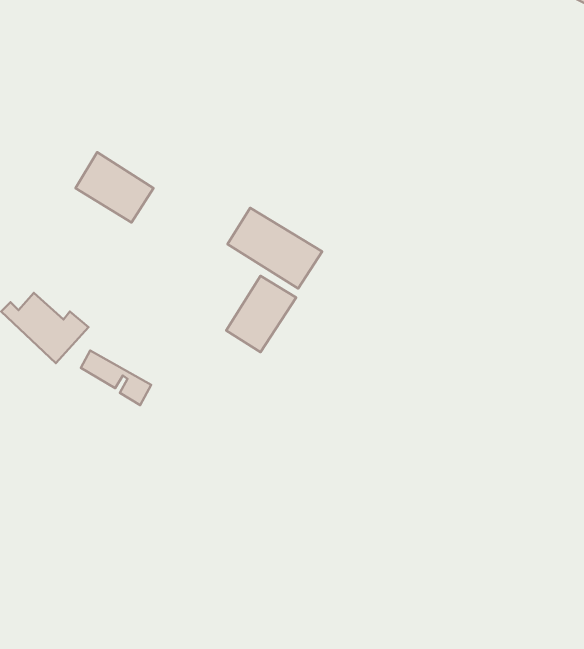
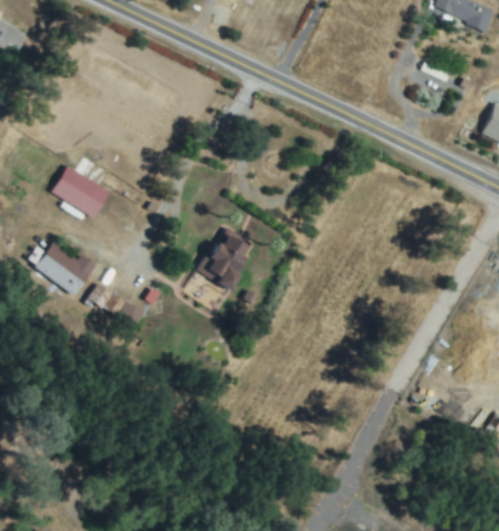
building: [75,152,153,222] -> [49,164,108,217]
building: [227,208,322,288] -> none

